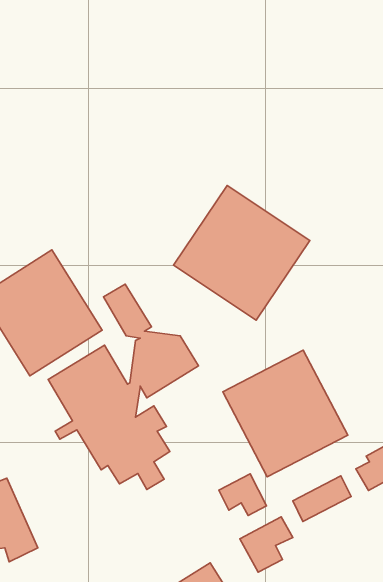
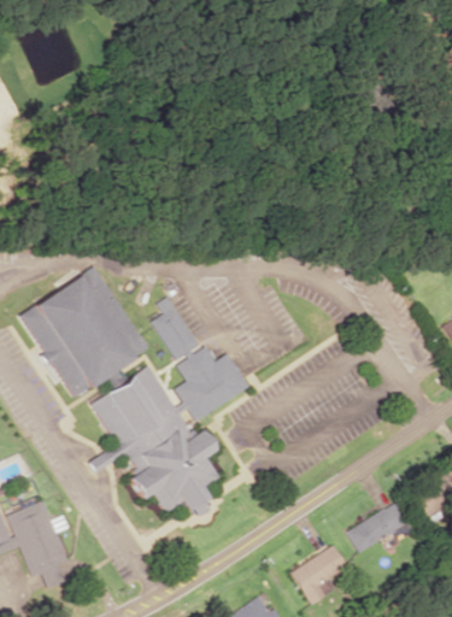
building: [173,185,310,320] -> none
building: [223,350,348,477] -> none
building: [219,474,266,515] -> none

